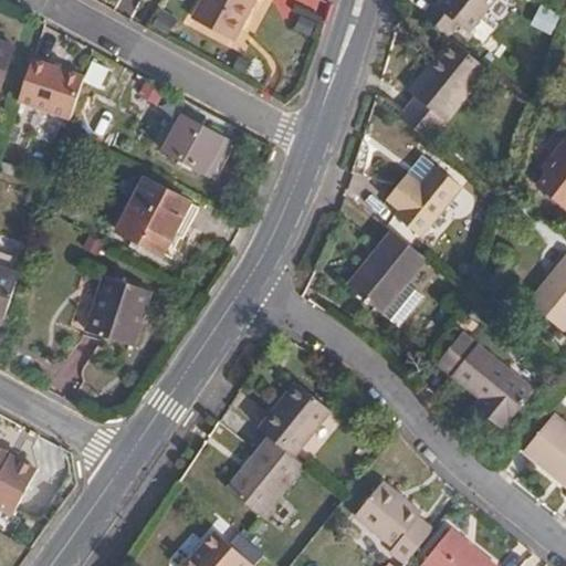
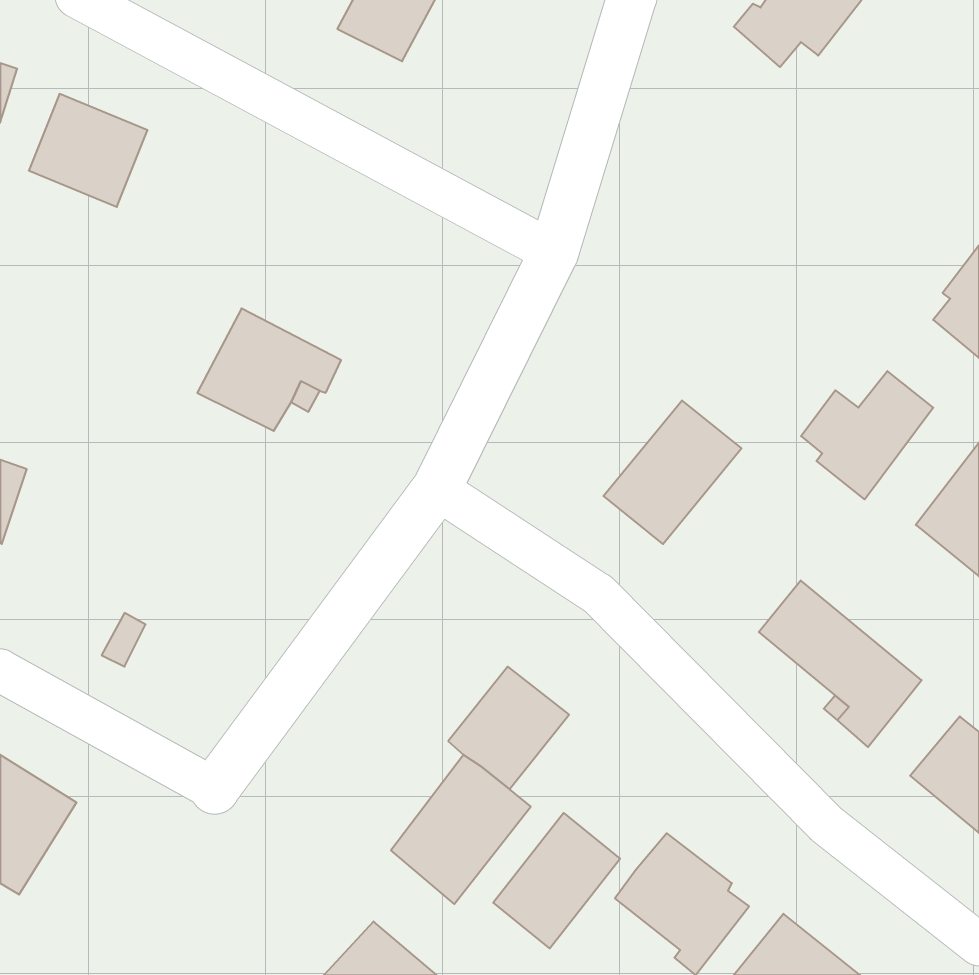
building: [399,39,489,144] -> none
building: [163,113,230,174] -> none
building: [386,166,462,240] -> [801,371,933,499]
building: [85,272,151,344] -> none
building: none -> [493,813,620,948]

